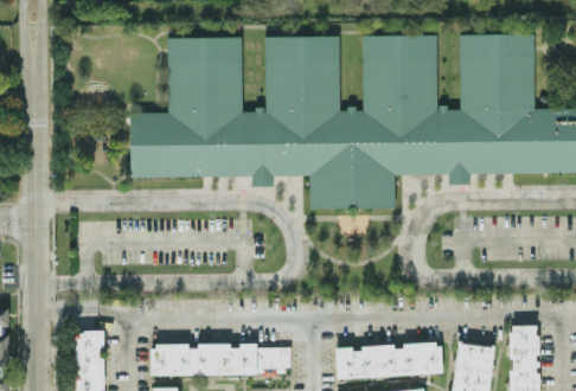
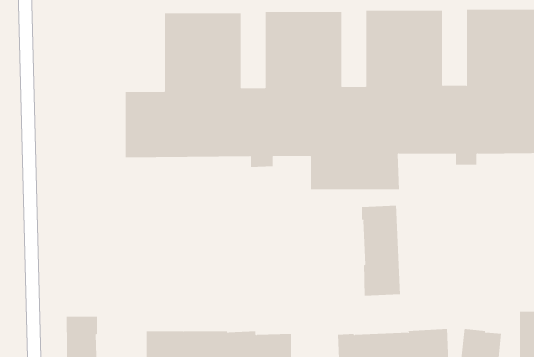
building: none -> [361,205,400,297]

